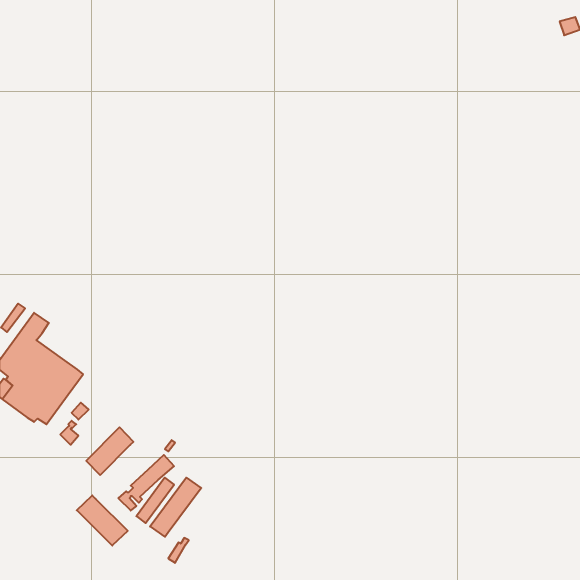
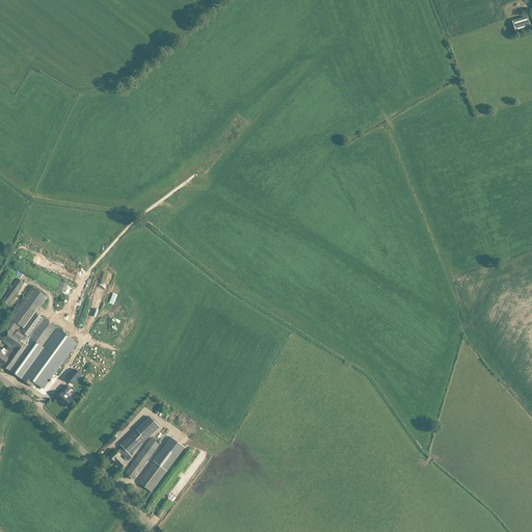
building: [86,427,133,475] -> none
building: [77,495,128,546] -> none

